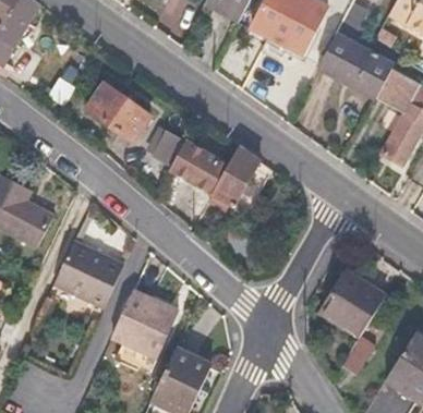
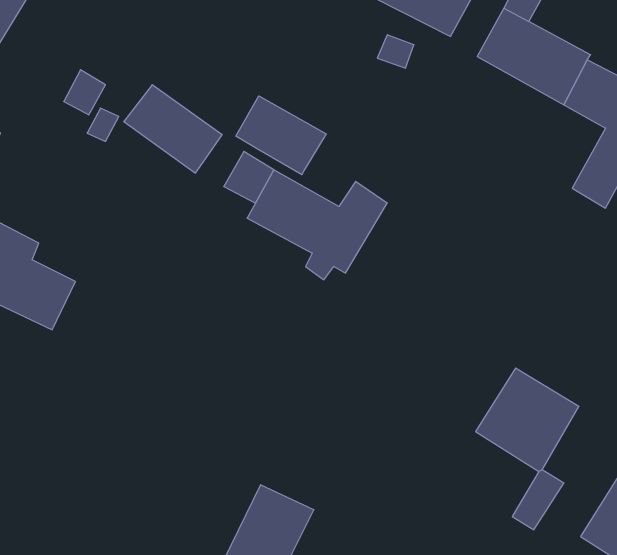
building: none -> [236,96,326,175]
building: [57,241,125,306] -> none
building: [112,290,177,353] -> none

